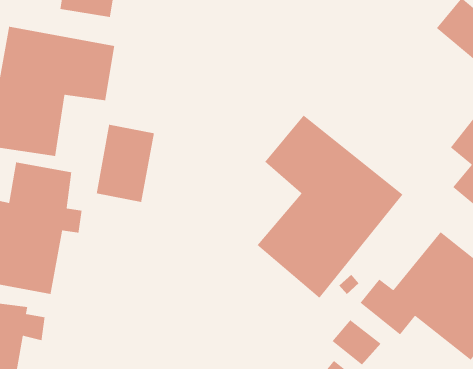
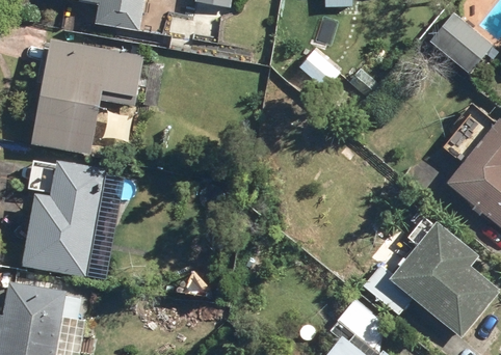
building: [256,115,403,299] -> none
building: [96,124,155,203] -> none

